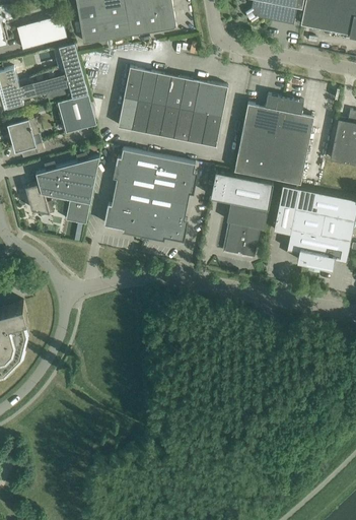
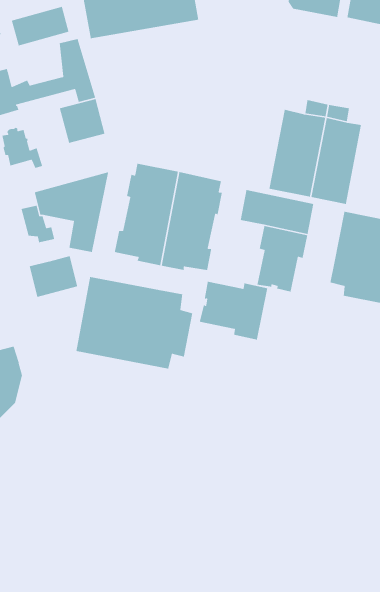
building: [118,67,227,146] -> none
building: [273,186,298,235] -> none
building: none -> [29,255,78,298]
building: none -> [75,276,193,370]
building: none -> [199,281,268,340]

